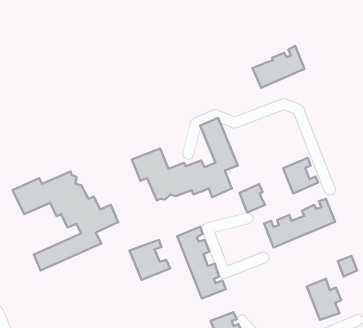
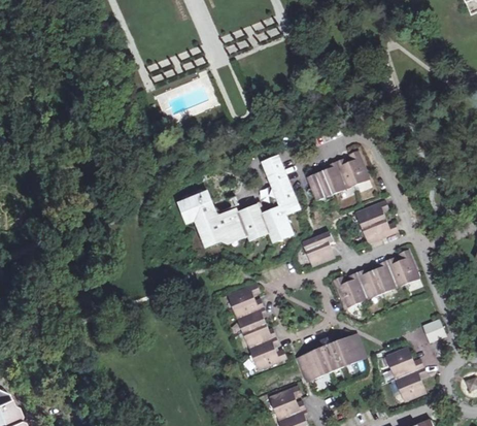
building: [252,46,305,88] -> [307,151,370,201]
building: [12,172,118,270] -> none
building: [129,240,170,280] -> none
building: none -> [297,333,367,382]

